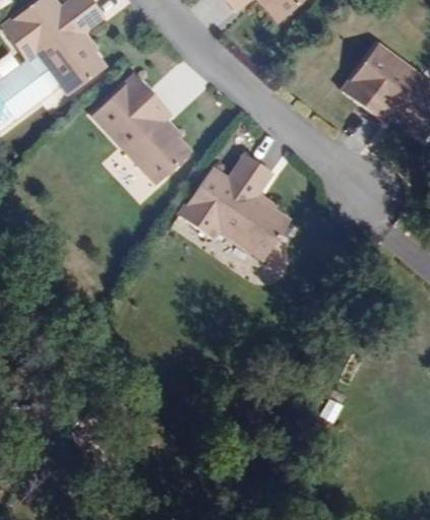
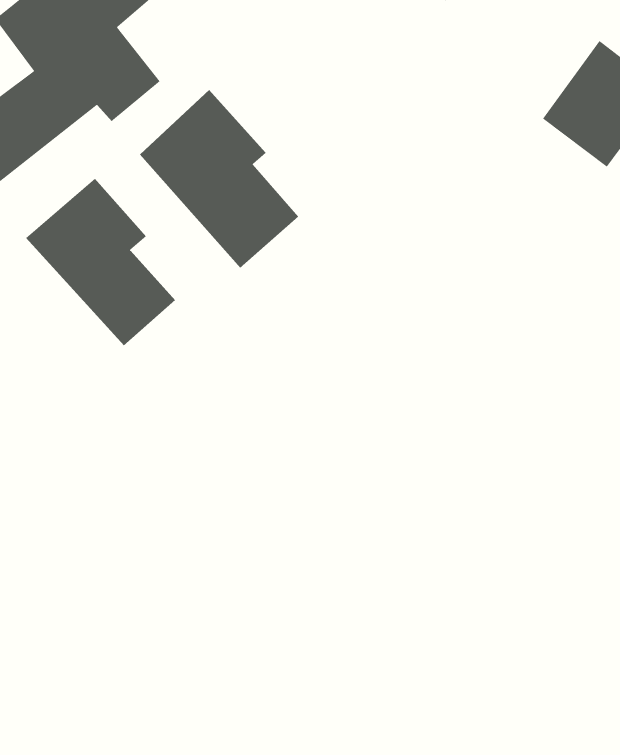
building: none -> [25,178,176,346]
building: [179,157,291,263] -> none

